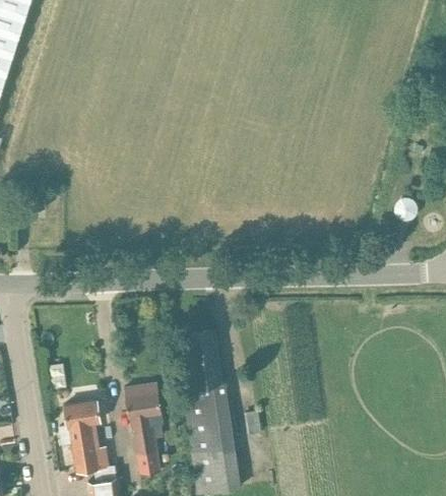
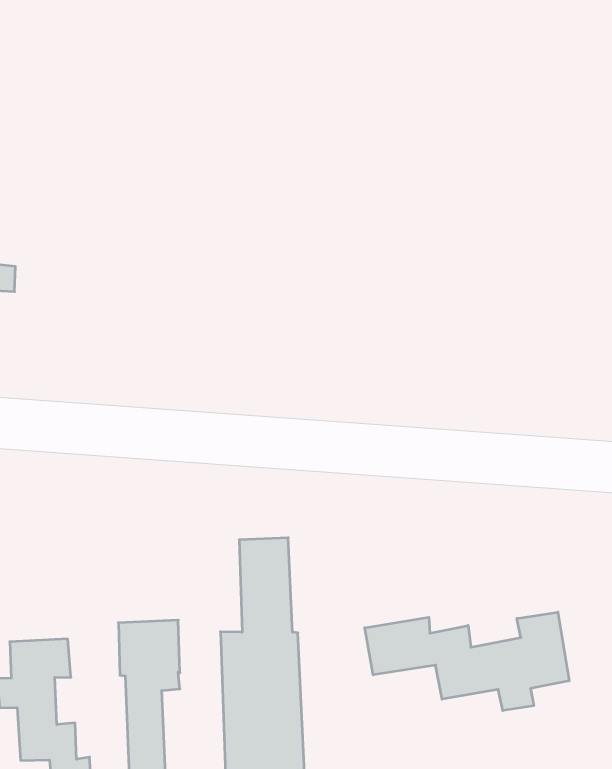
building: none -> [365,612,569,711]

